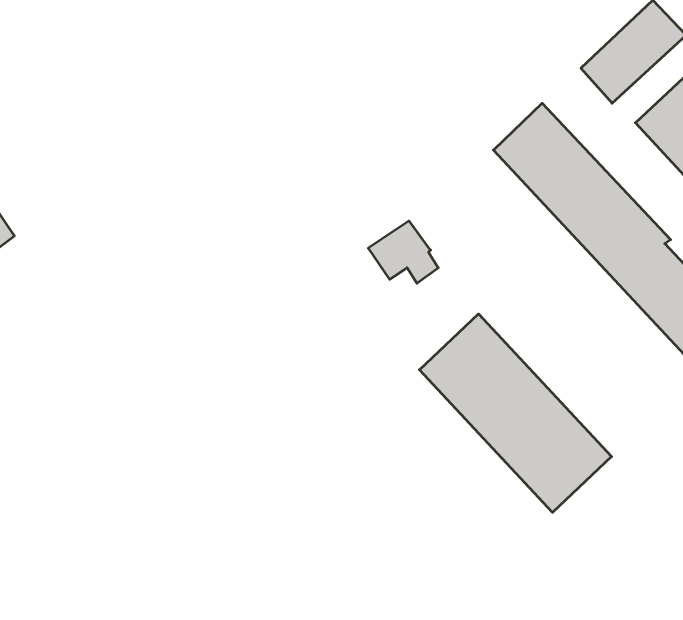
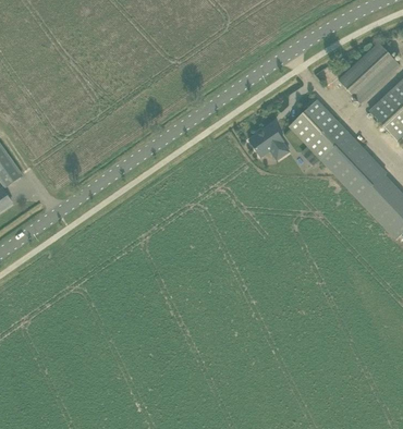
building: [368,221,438,283] -> [248,123,288,158]
building: [419,314,612,512] -> none

